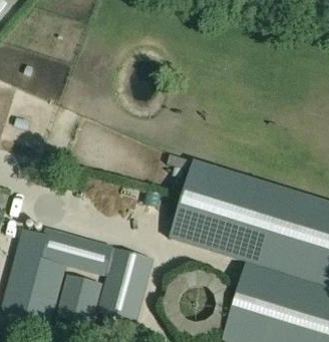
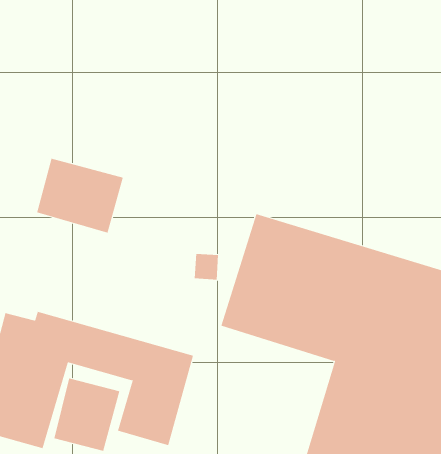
building: none -> [36,158,124,233]

